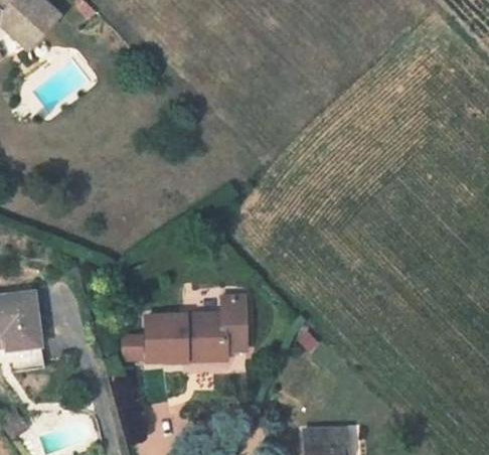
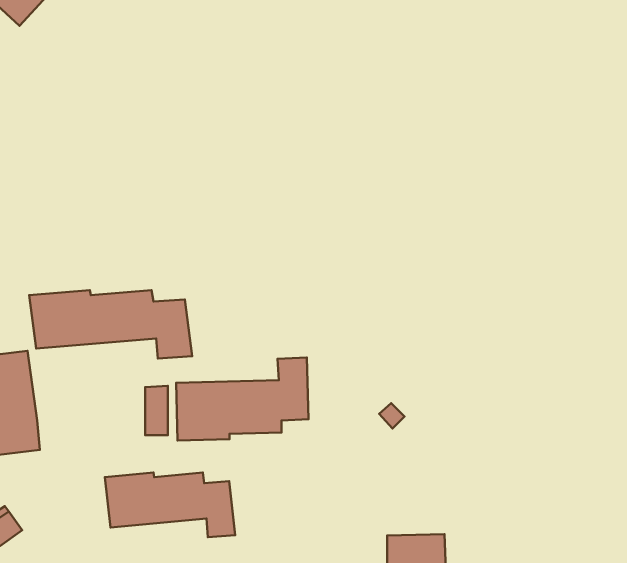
building: none -> [29,290,192,359]
building: none -> [105,473,235,537]

